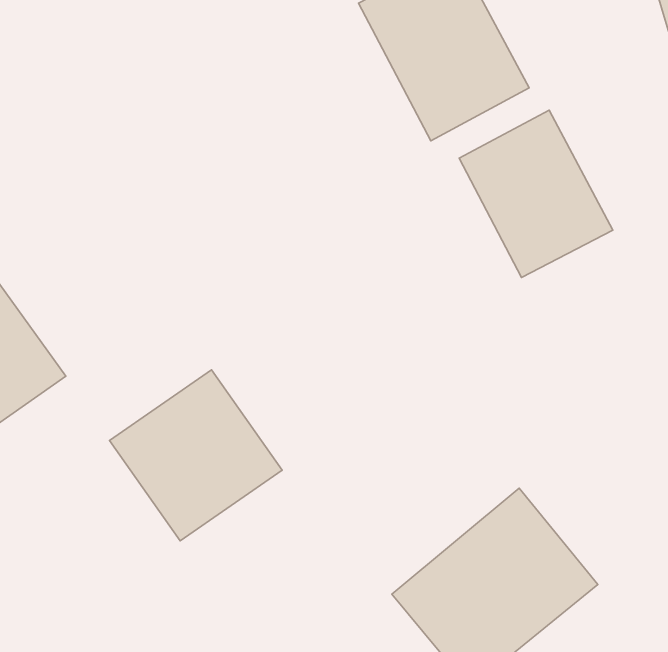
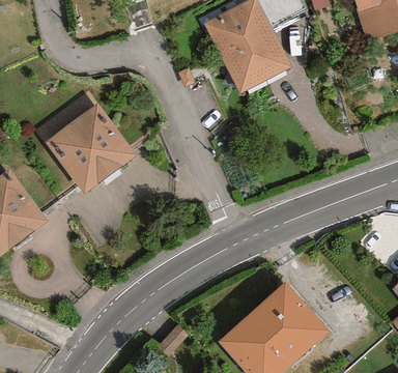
building: [459,110,613,278] -> none
building: [109,370,282,541] -> [45,104,136,194]

